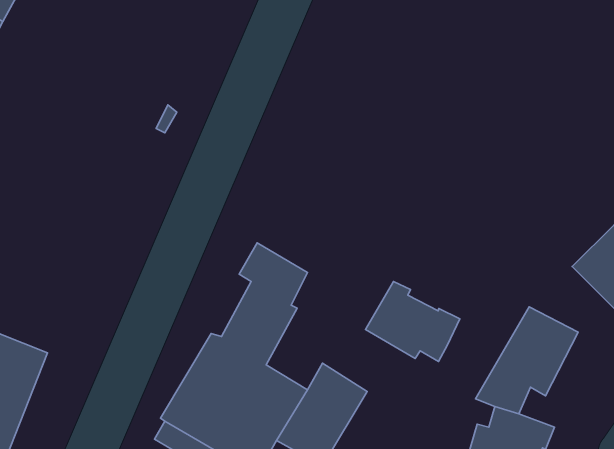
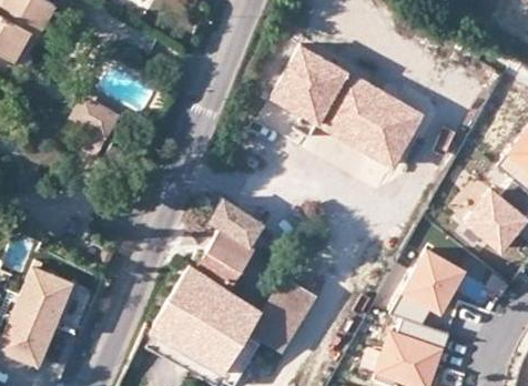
building: none -> [275,49,422,166]
building: none -> [72,98,119,141]
building: [366,281,460,361] -> none

